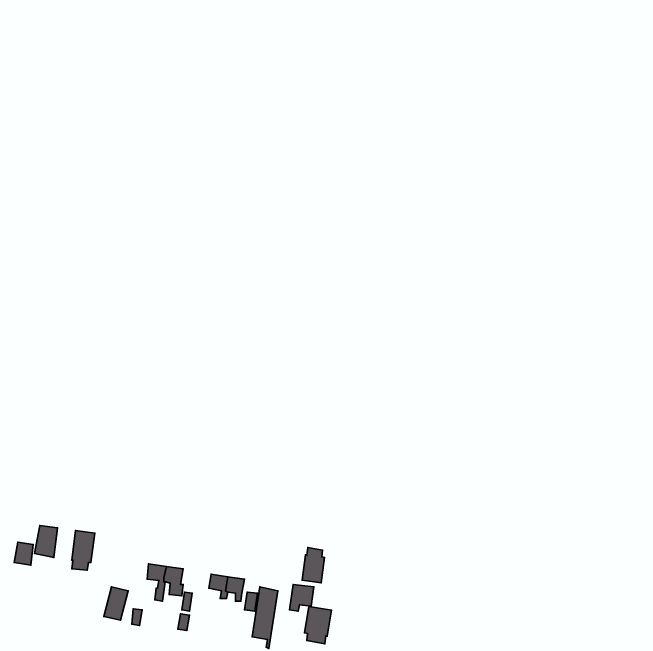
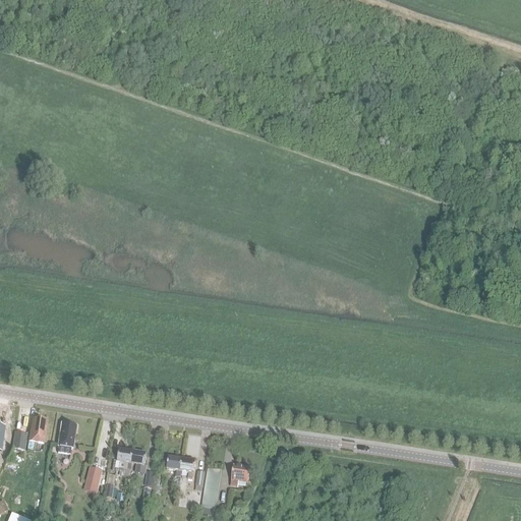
building: [302,548,324,583] -> none
building: [305,607,331,644] -> none

